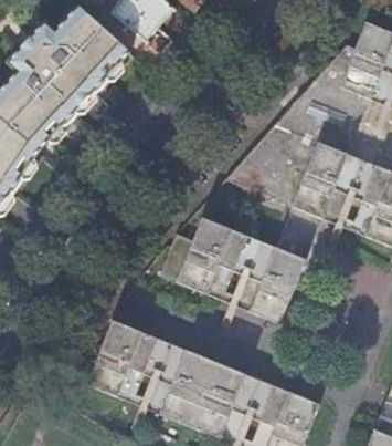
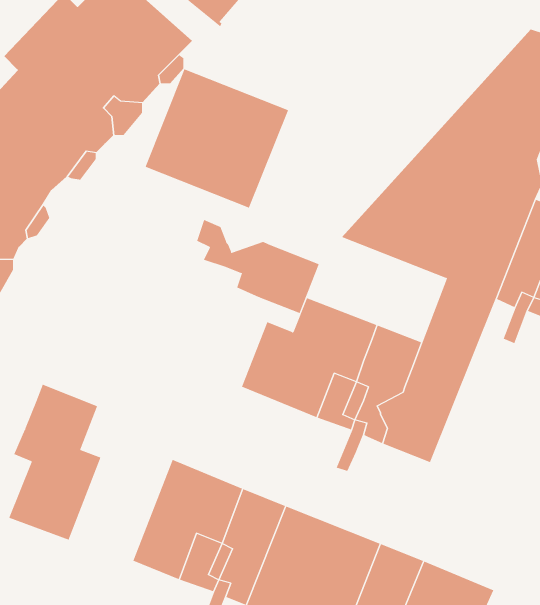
building: none -> [145,68,289,209]
building: none -> [197,219,320,314]
building: none -> [9,384,101,540]

